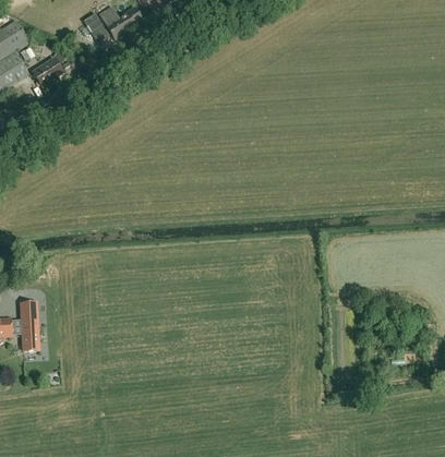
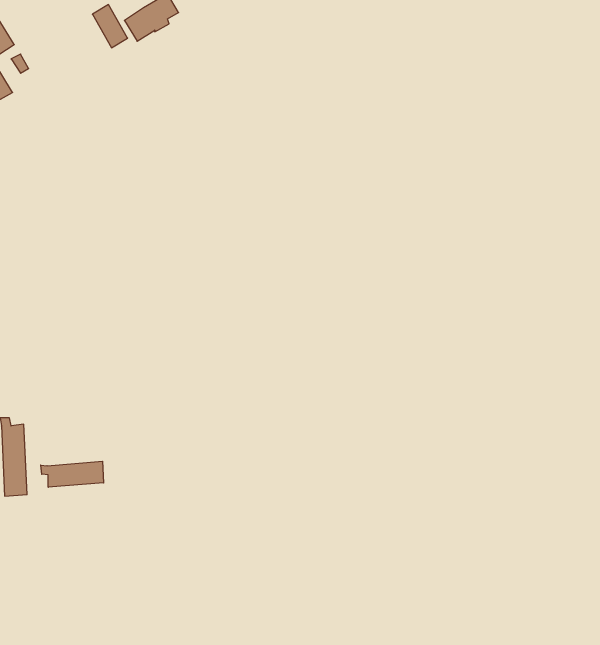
building: [31,56,62,84] -> none
building: none -> [41,461,104,487]

